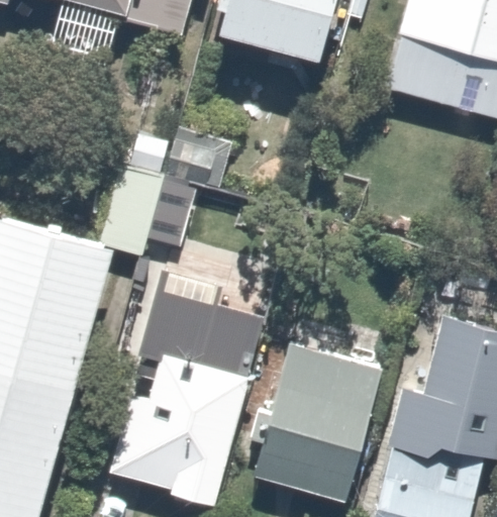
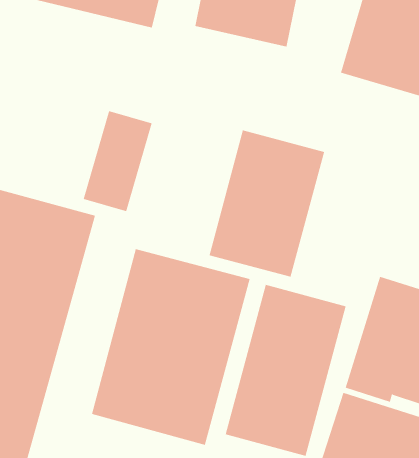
building: none -> [209,130,325,278]

